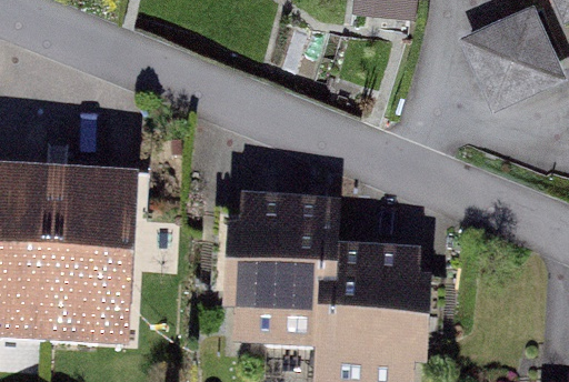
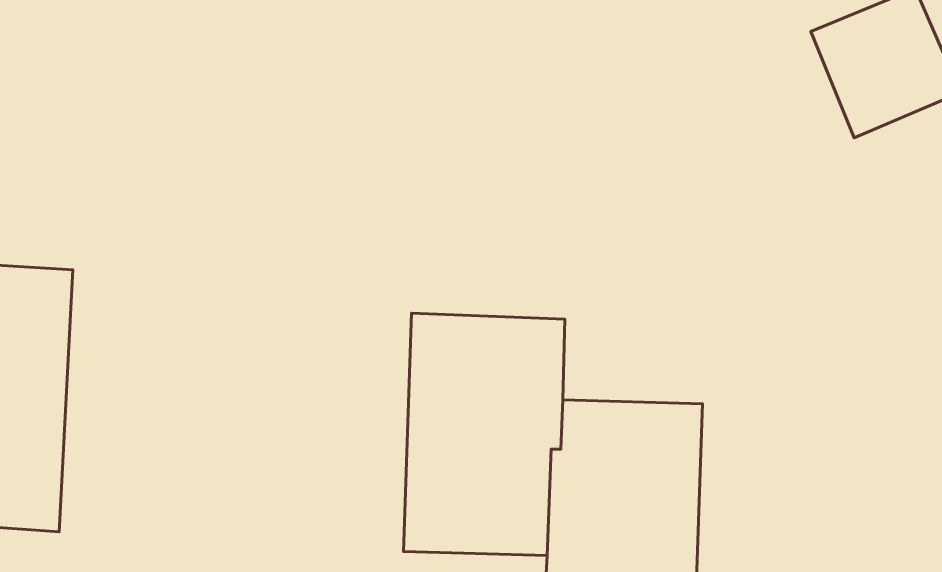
building: [48,180,132,331] -> none

